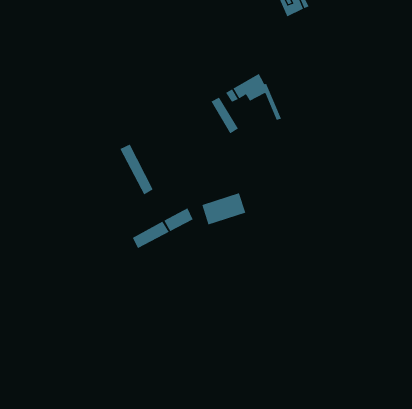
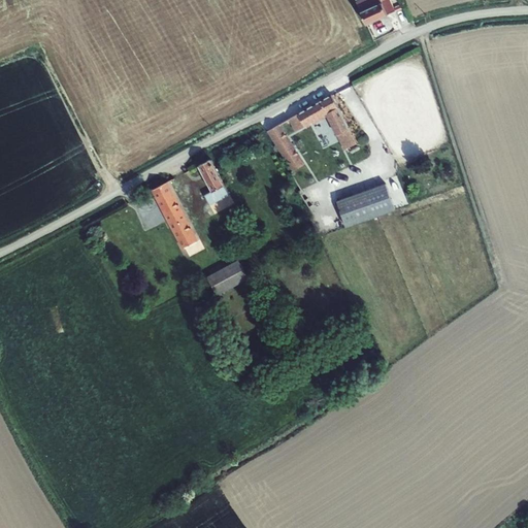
building: none -> [197,158,227,204]
building: [201,193,246,225] -> [337,186,394,227]
building: [132,221,170,249] -> none

